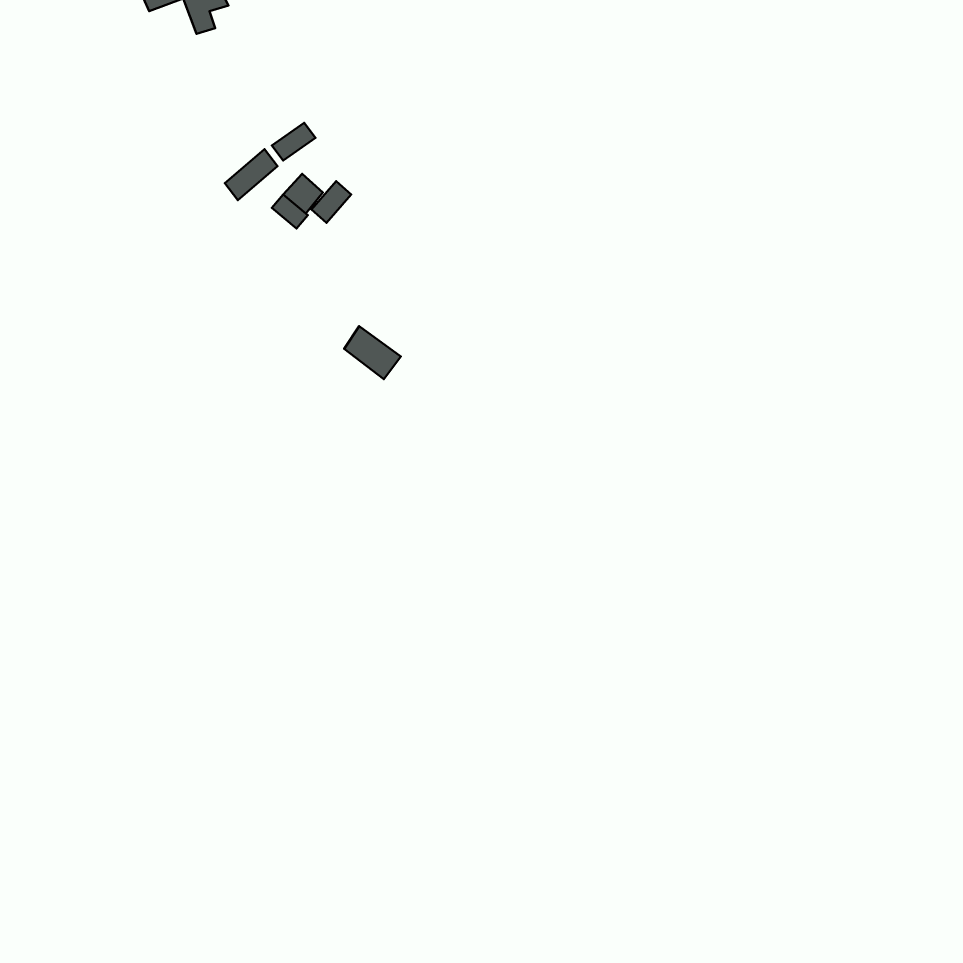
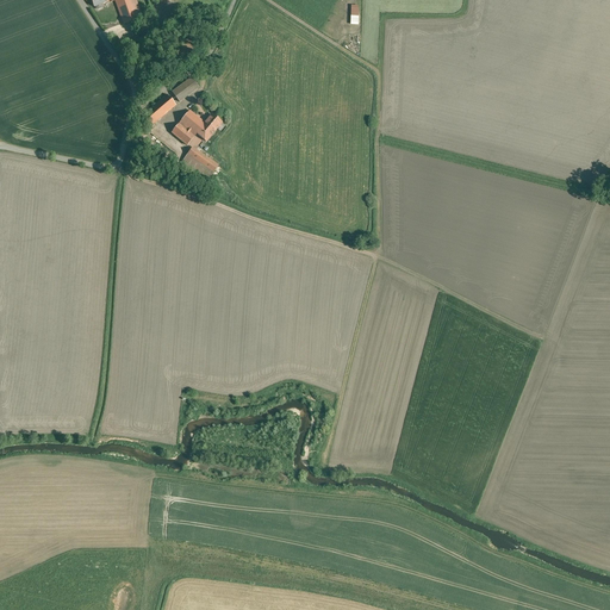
building: [344,326,401,379] -> [183,145,219,179]

